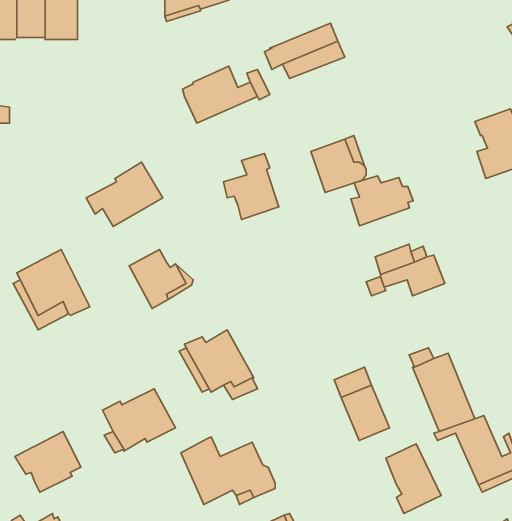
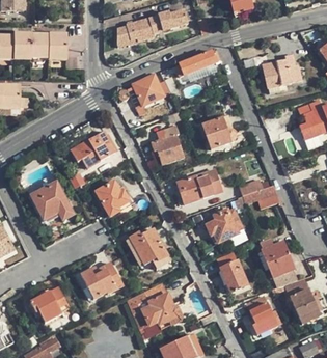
building: none -> [263,53,300,93]
building: [351,176,413,226] -> [180,174,216,203]
building: none -> [207,209,242,242]

